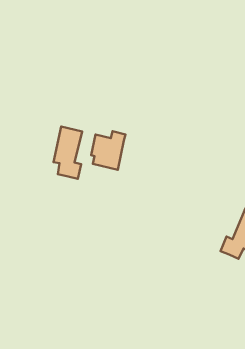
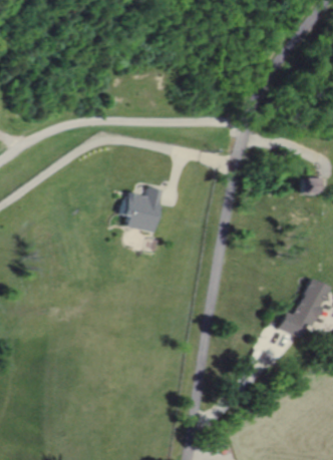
building: [53,127,82,179] -> none

